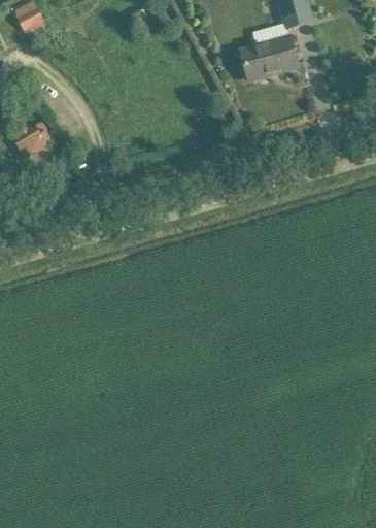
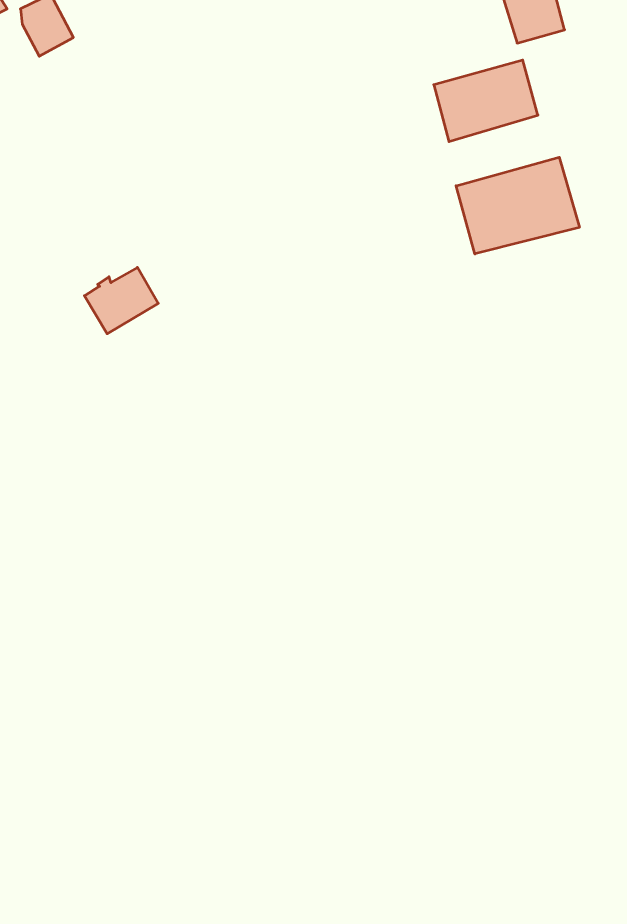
building: none -> [456,157,579,254]
building: [12,121,53,157] -> [84,267,158,334]

